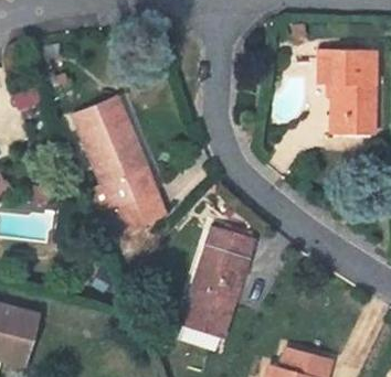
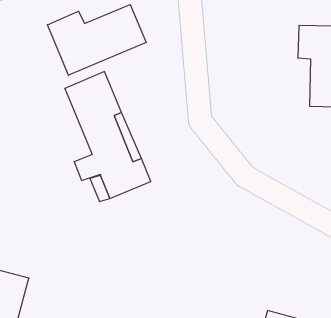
building: none -> [47,5,146,75]
building: [180,227,254,336] -> none

